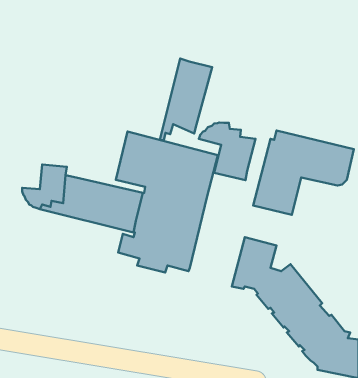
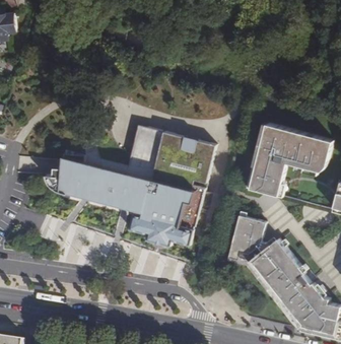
building: [160,59,212,140] -> none
building: [199,123,255,180] -> none

